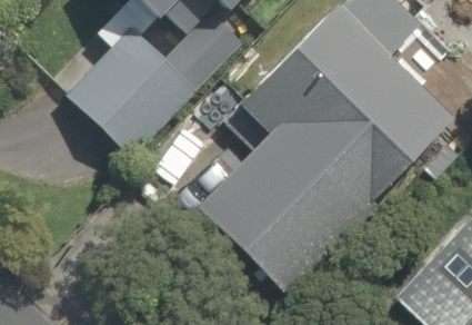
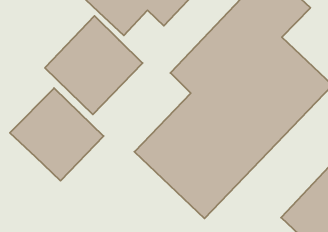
building: none -> [10,88,104,181]

